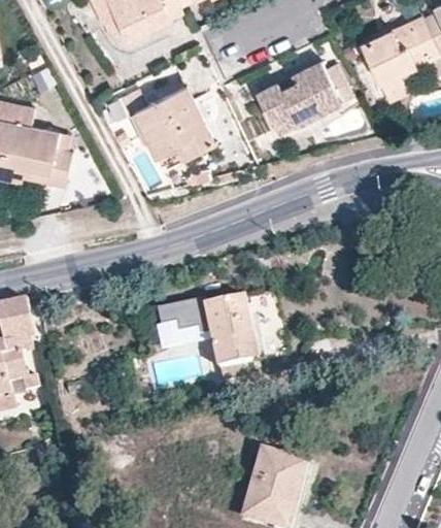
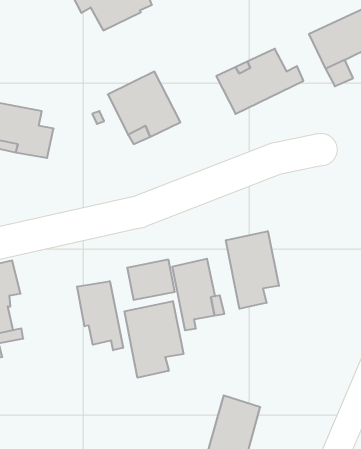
building: none -> [226,231,279,309]
building: none -> [77,281,123,350]
building: none -> [125,301,183,378]

